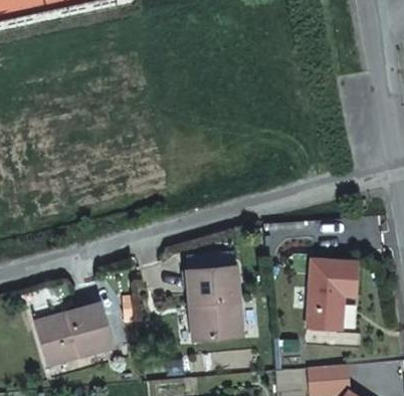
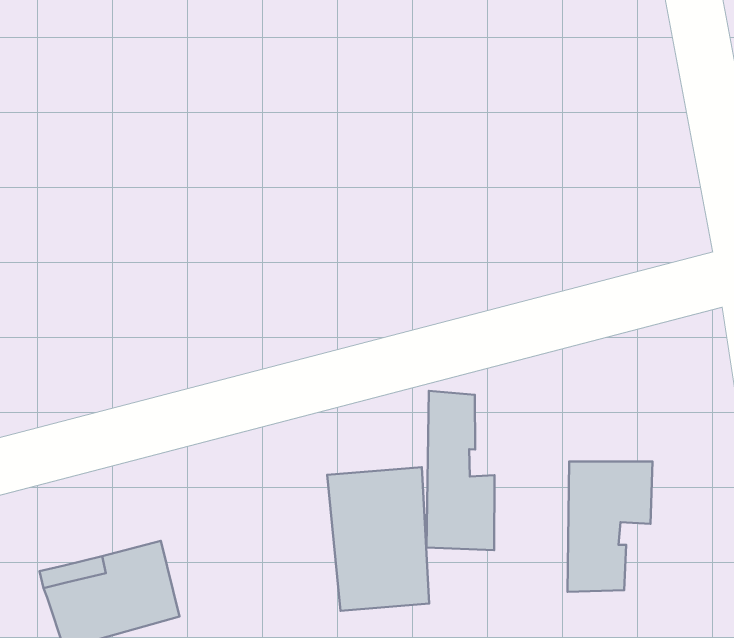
building: none -> [427,391,495,550]

